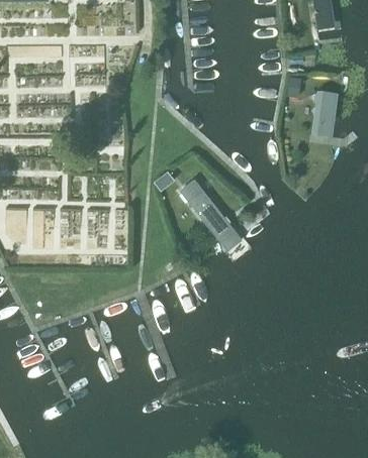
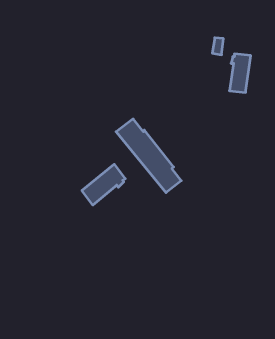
building: none -> [82,164,125,205]

